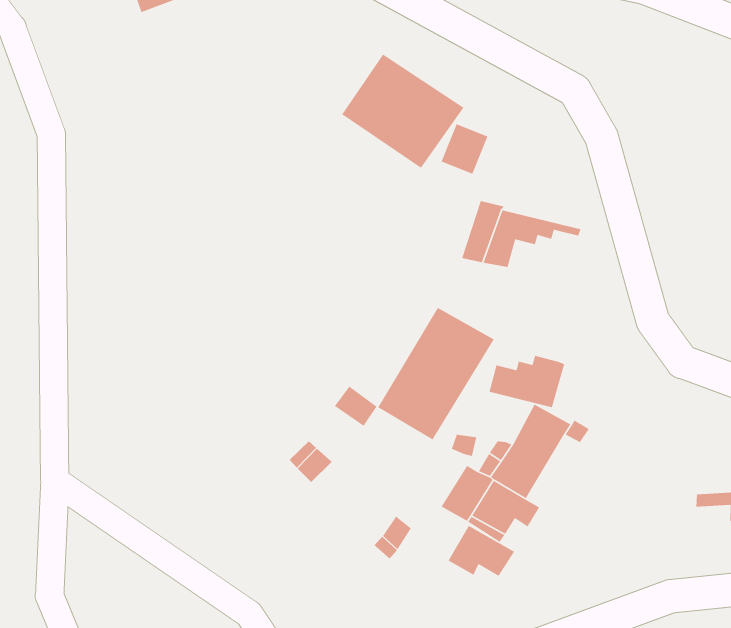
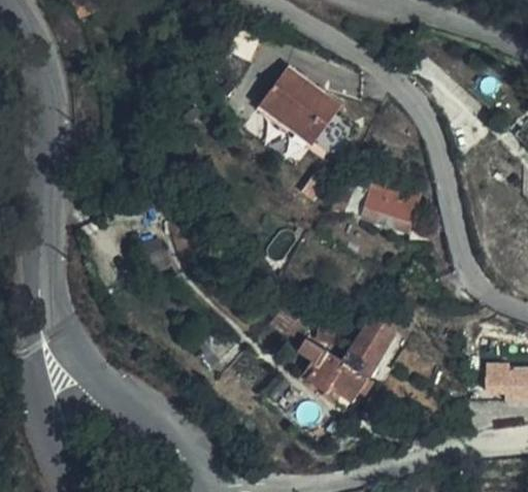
building: [377,307,495,441] -> none
building: [488,355,565,408] -> [364,194,418,231]
building: [448,525,515,577] -> none

